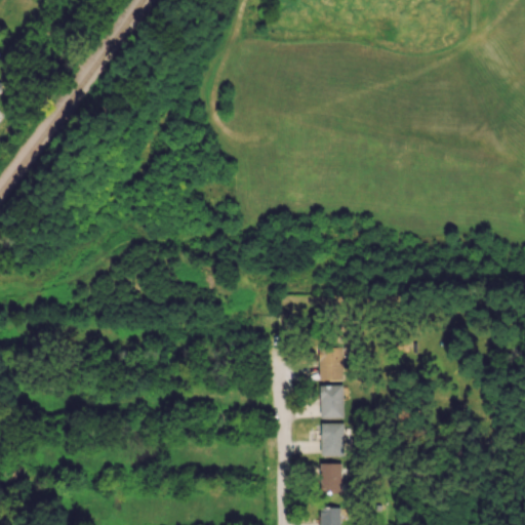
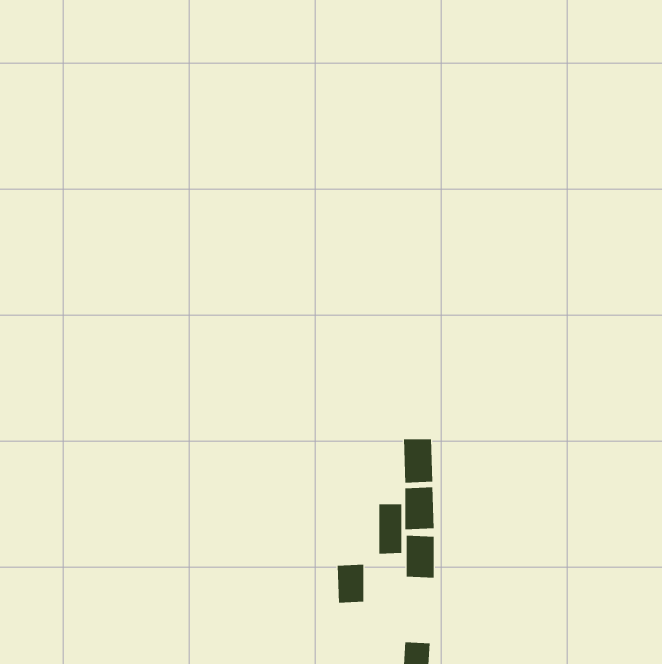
building: none -> [379,503,402,554]
building: [321,462,342,493] -> [337,564,364,603]

